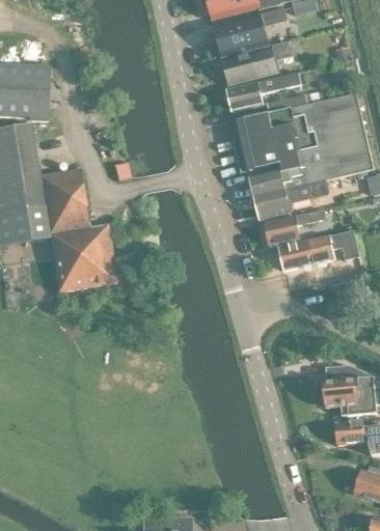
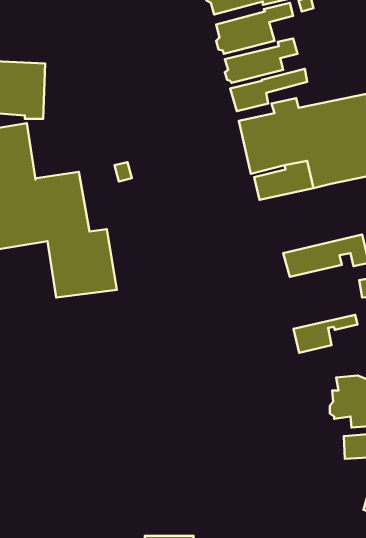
building: [253,181,325,219] -> none
building: [263,209,324,246] -> [294,315,357,353]

